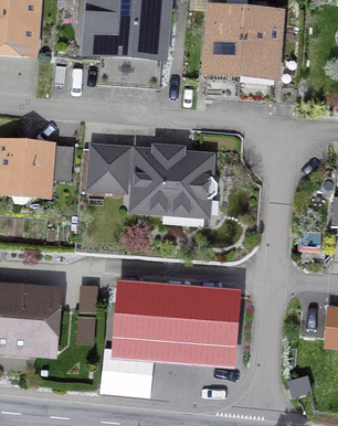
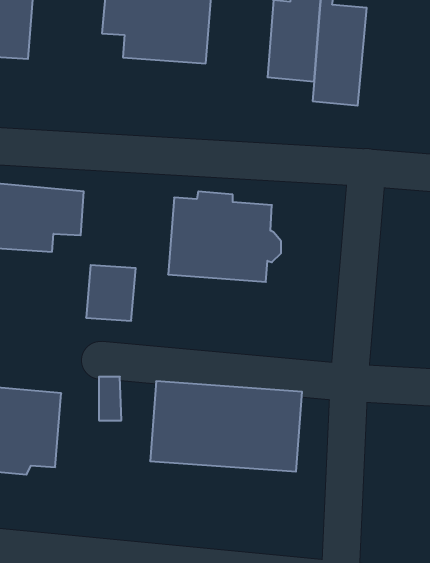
building: [89,148,126,189] -> [86,265,136,321]

